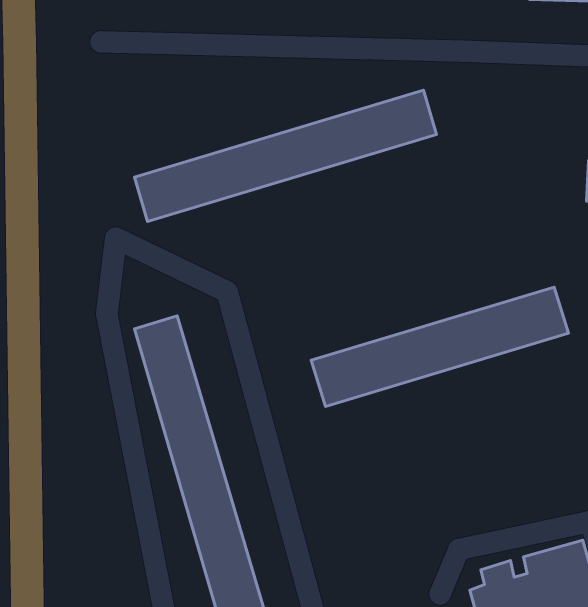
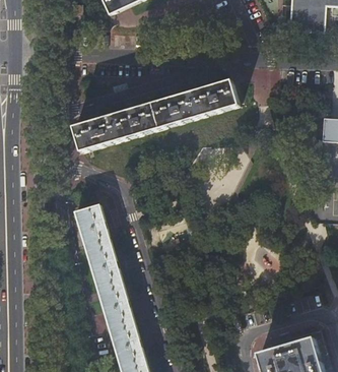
building: [311,287,568,406] -> none

